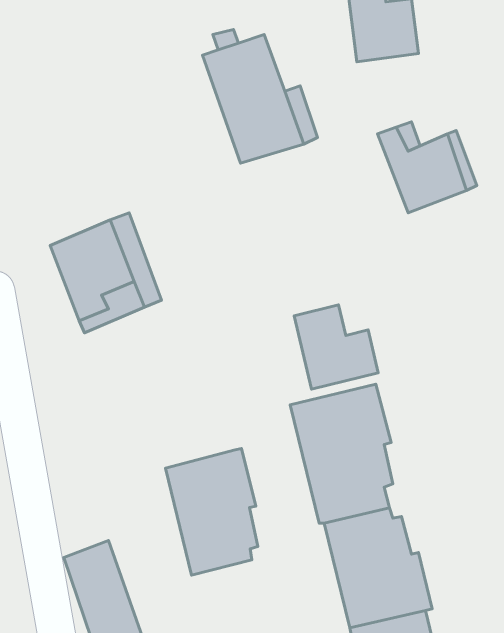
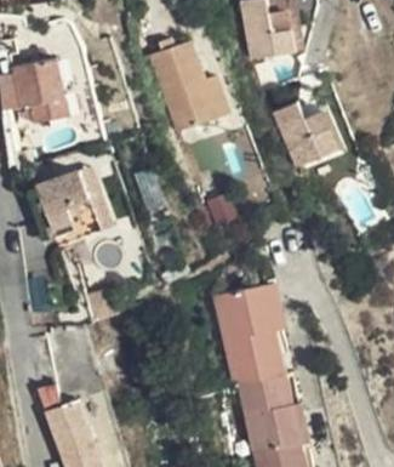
building: none -> [13,56,70,123]
building: [294,305,378,389] -> none
building: [165,448,258,575] -> none

